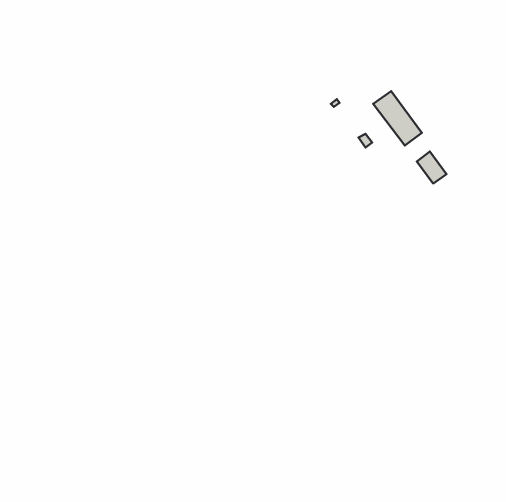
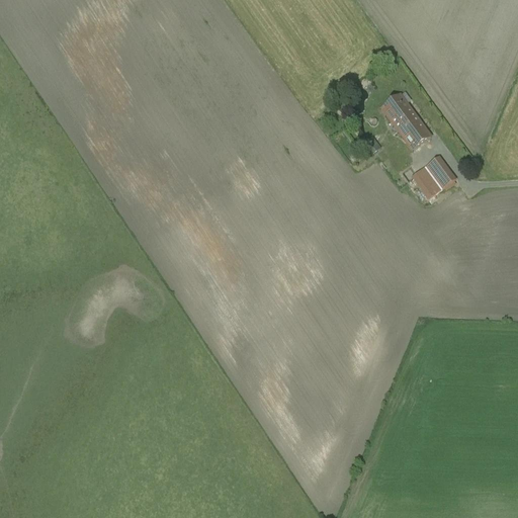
building: none -> [412,165,442,197]

